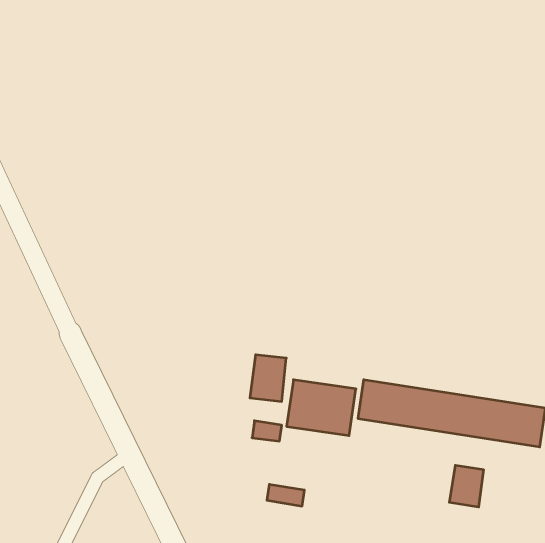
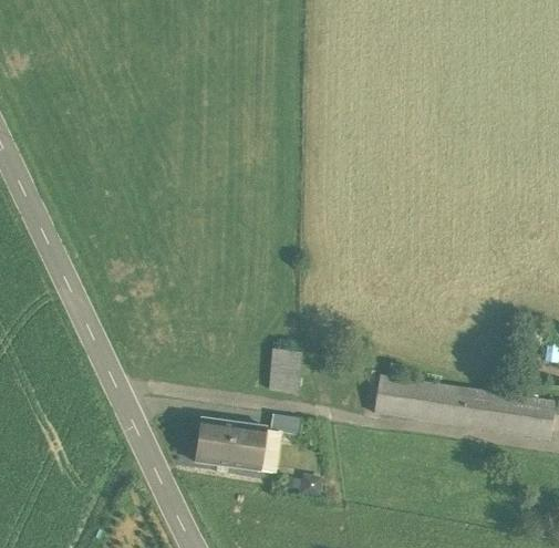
building: [287,380,356,436] -> [196,416,263,471]
building: [449,465,483,507] -> none

